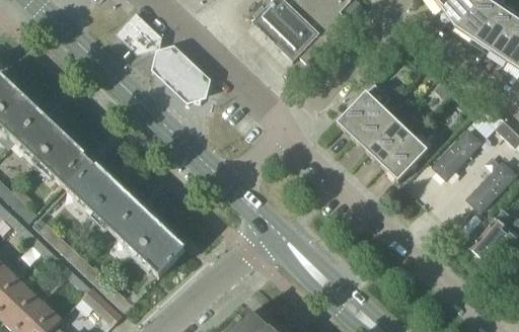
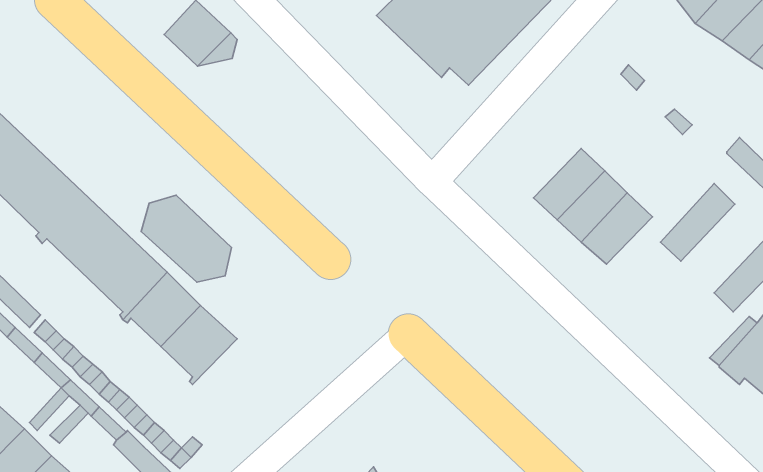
building: [152,47,210,102] -> [141,195,232,282]
building: [337,82,390,138] -> none
building: [134,228,184,275] -> none

